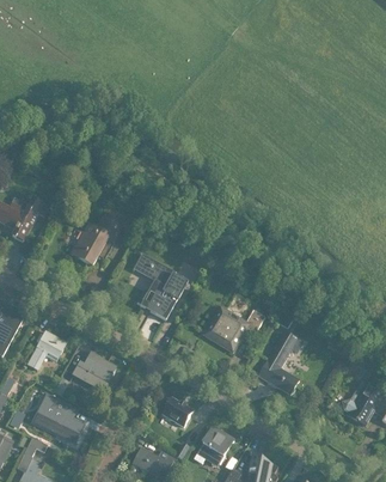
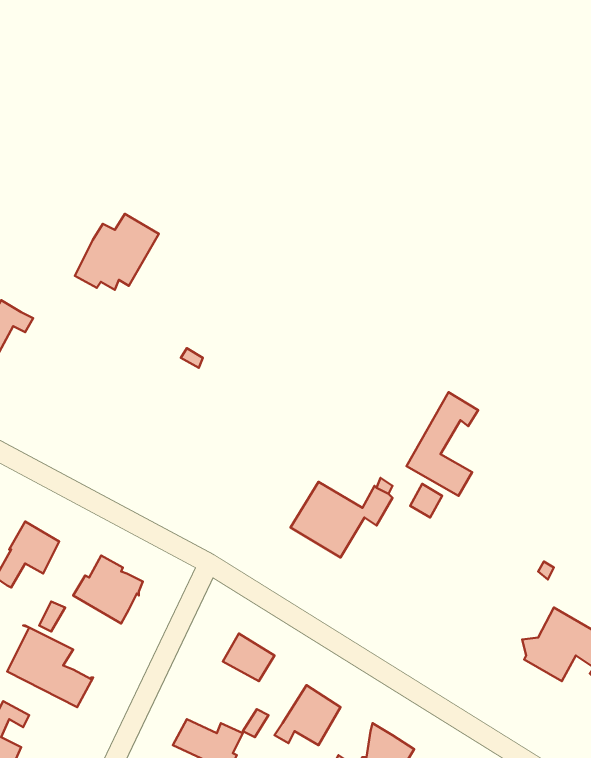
building: [71,216,121,262] -> [75,214,159,290]
building: [133,252,186,321] -> none
building: [259,331,302,393] -> [406,392,478,496]

